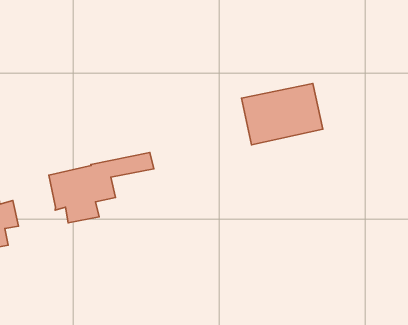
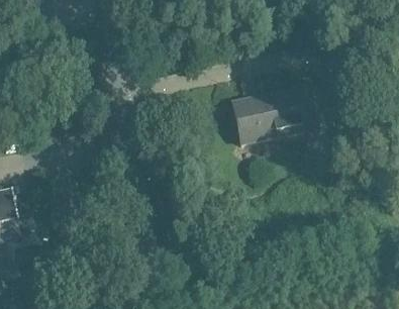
building: [49,152,154,223] -> none

